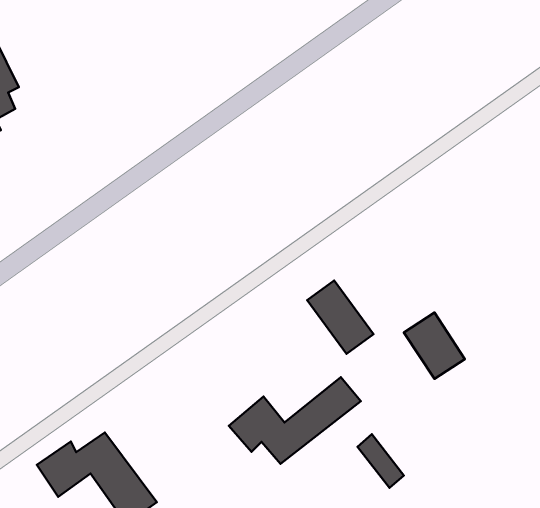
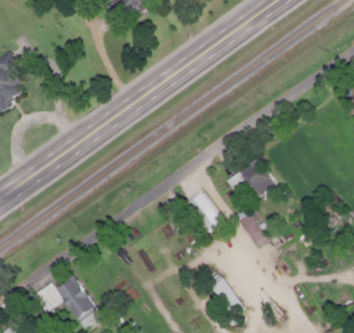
building: none -> [227,159,274,197]
building: [229,377,361,464] -> none

